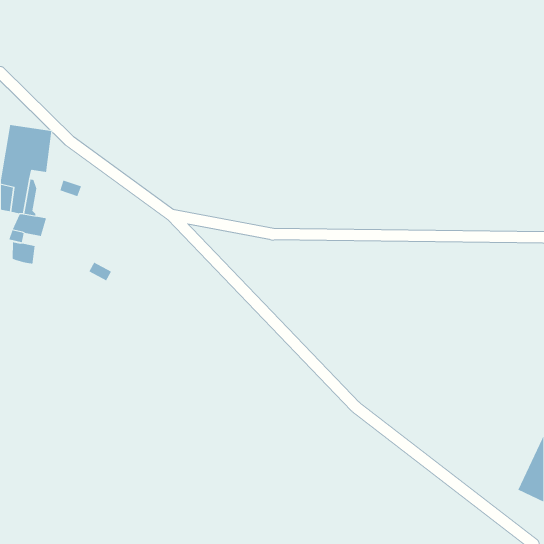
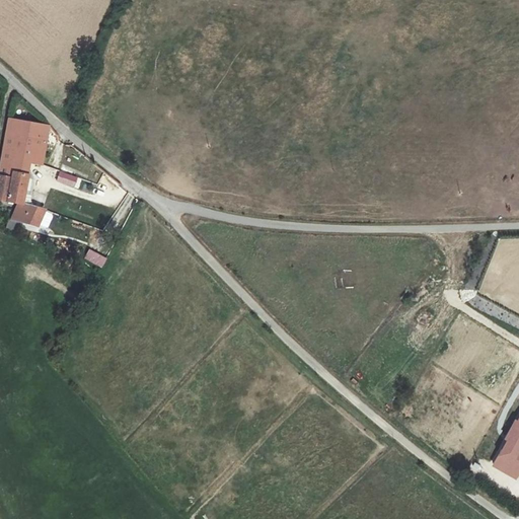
building: [12,241,35,265] -> none

